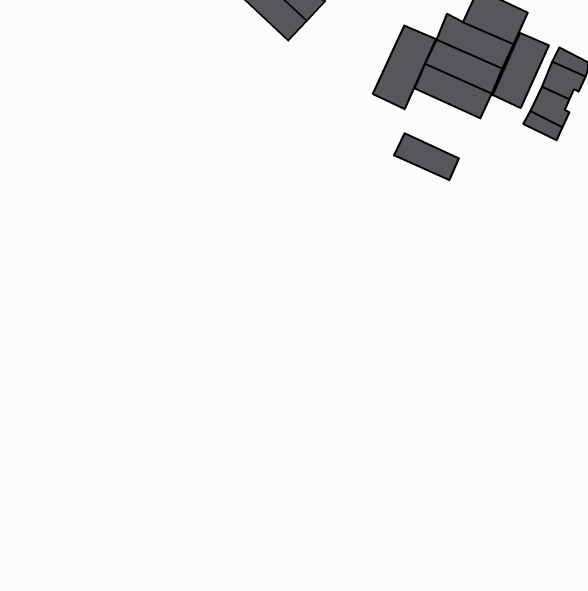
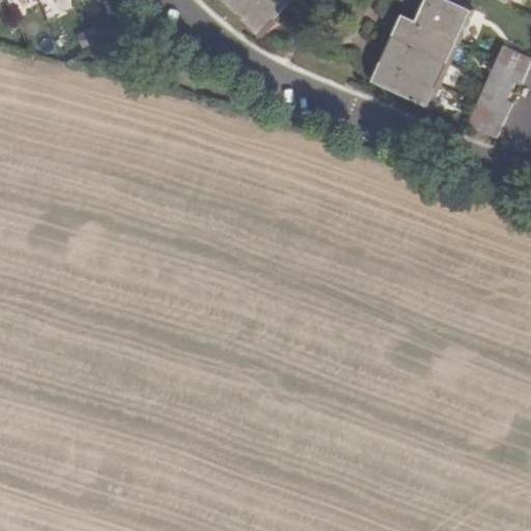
building: [373,25,436,109] -> none
building: [493,33,549,108] -> none
building: [394,133,459,180] -> none

